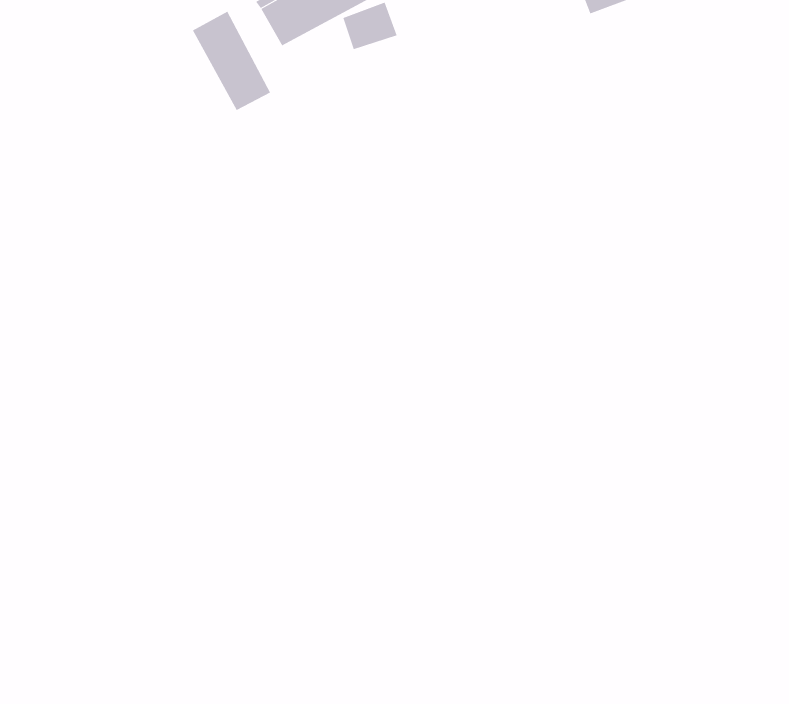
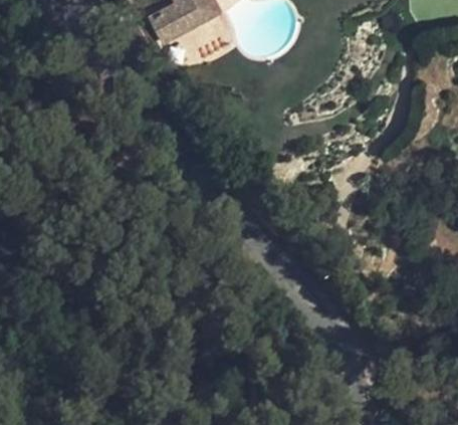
building: [192,11,271,111] -> none

